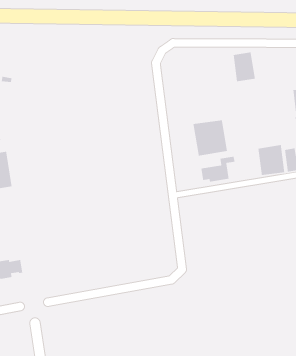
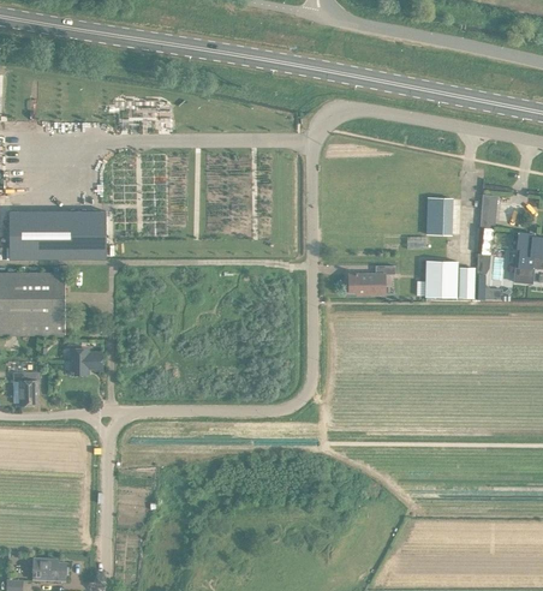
building: [233,51,256,82] -> [425,198,450,234]
building: [193,119,228,157] -> none

